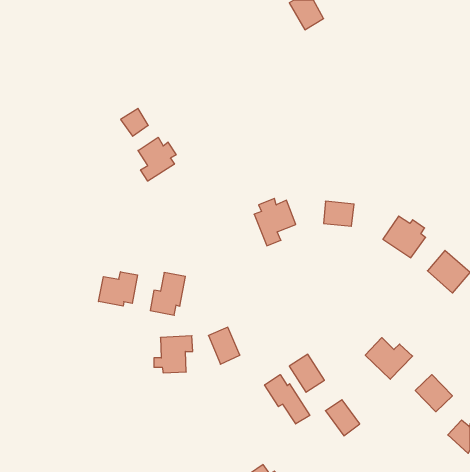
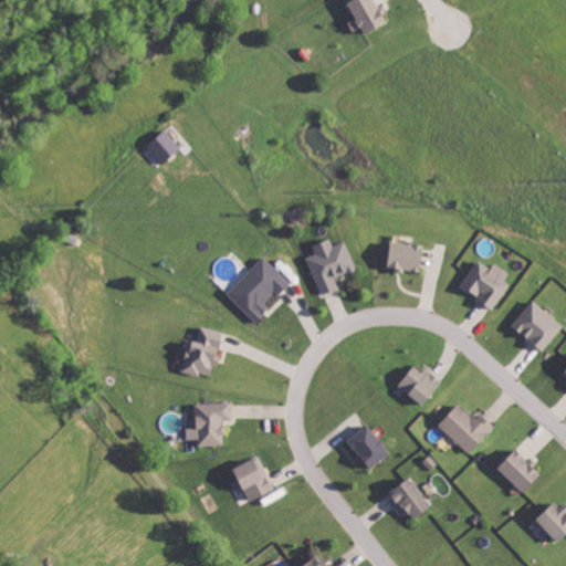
building: [138,137,176,181] -> none
building: none -> [224,258,289,322]
building: [99,272,137,306] -> none
building: none -> [395,364,438,406]
building: [208,327,240,364] -> [232,458,270,502]
building: [265,375,310,424] -> none

